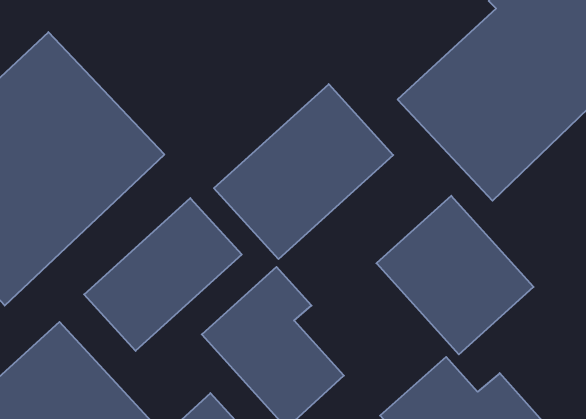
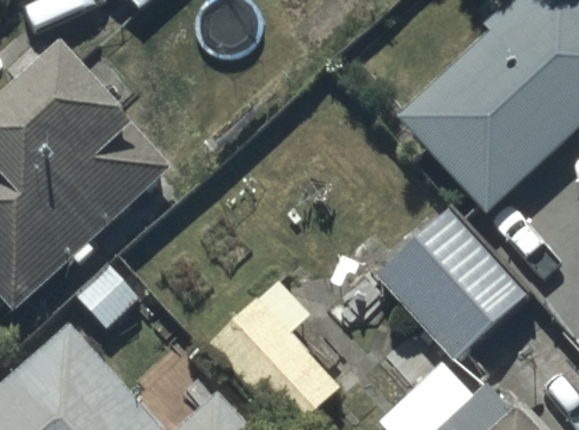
building: [214,84,393,259] -> none
building: [84,198,242,351] -> none

